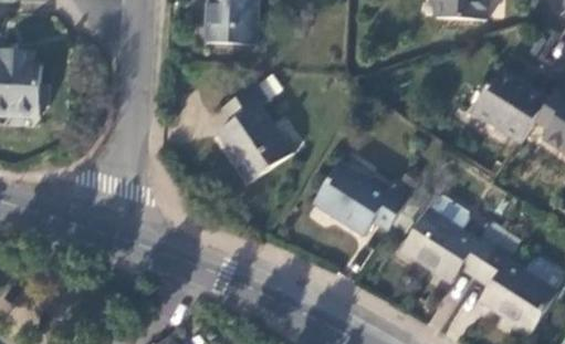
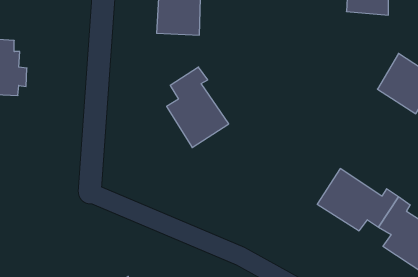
building: [312,160,409,236] -> none

